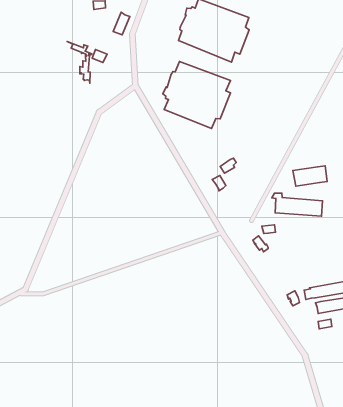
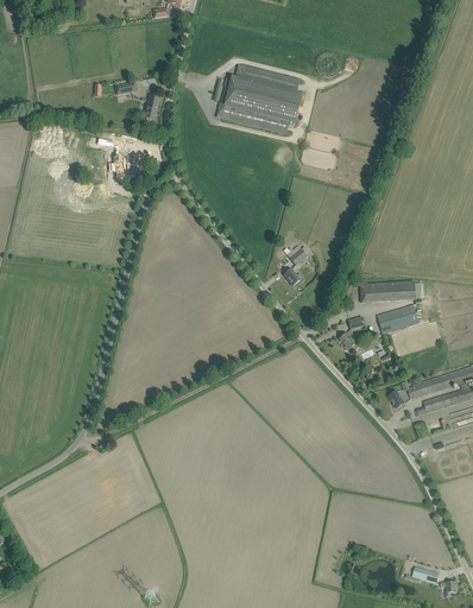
building: [163,62,230,129] -> none
building: [293,166,327,186] -> [377,304,418,332]

